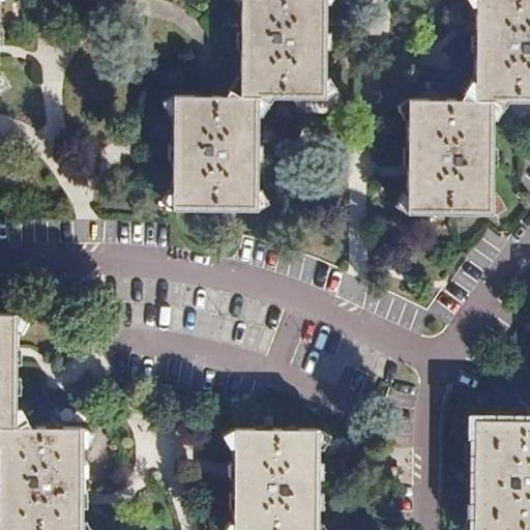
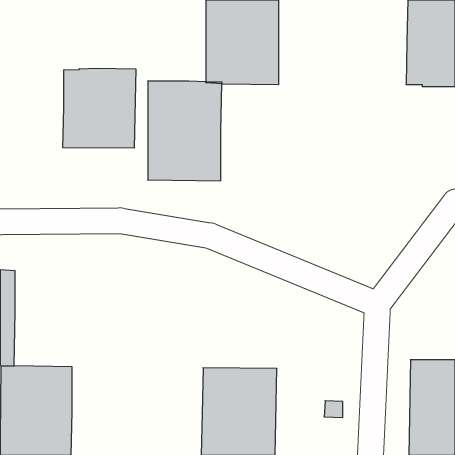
building: none -> [63,68,136,148]
building: [405,97,491,213] -> none

